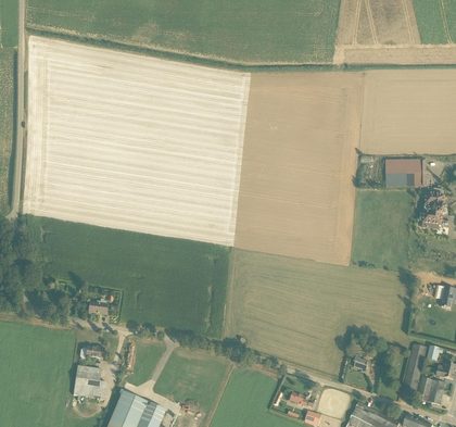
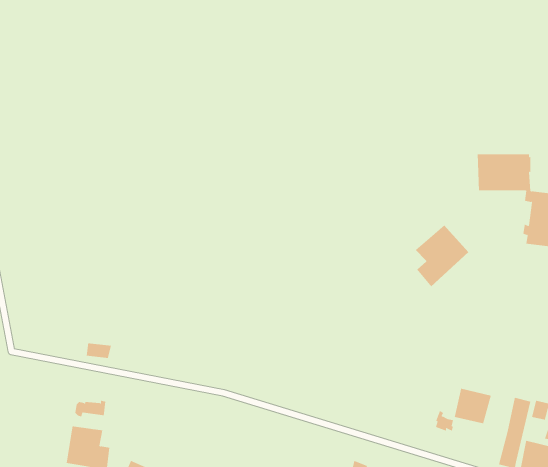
building: none -> [415,224,469,287]
building: none -> [454,388,492,424]

